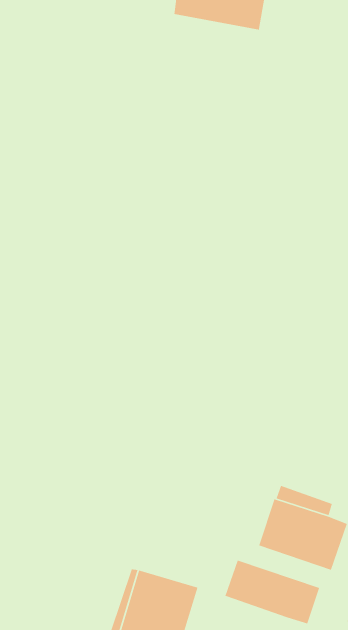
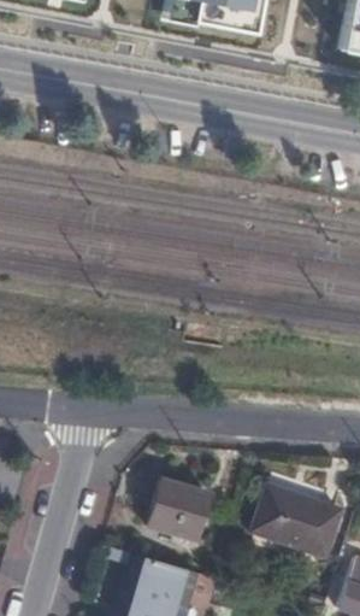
building: none -> [148,480,209,540]
building: [224,559,320,624] -> none

